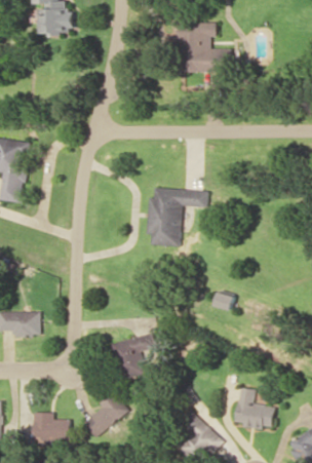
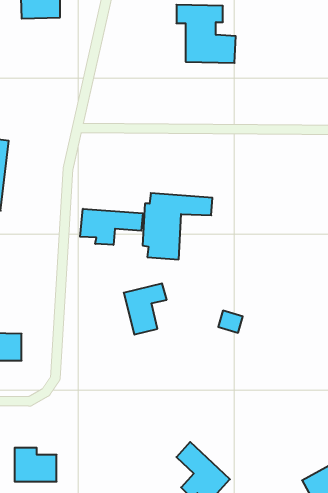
building: none -> [80,209,143,245]
building: [115,334,153,379] -> [124,283,167,335]
building: [235,388,274,429] -> none
building: [83,392,129,438] -> none

